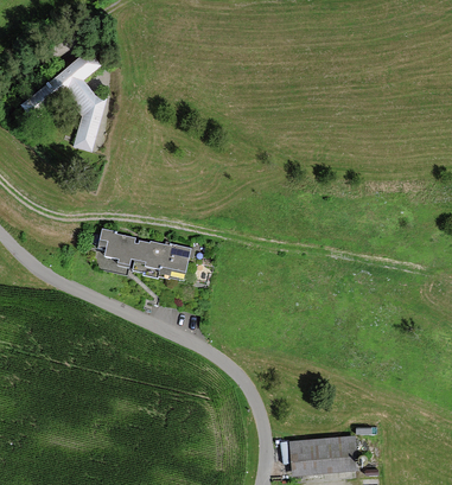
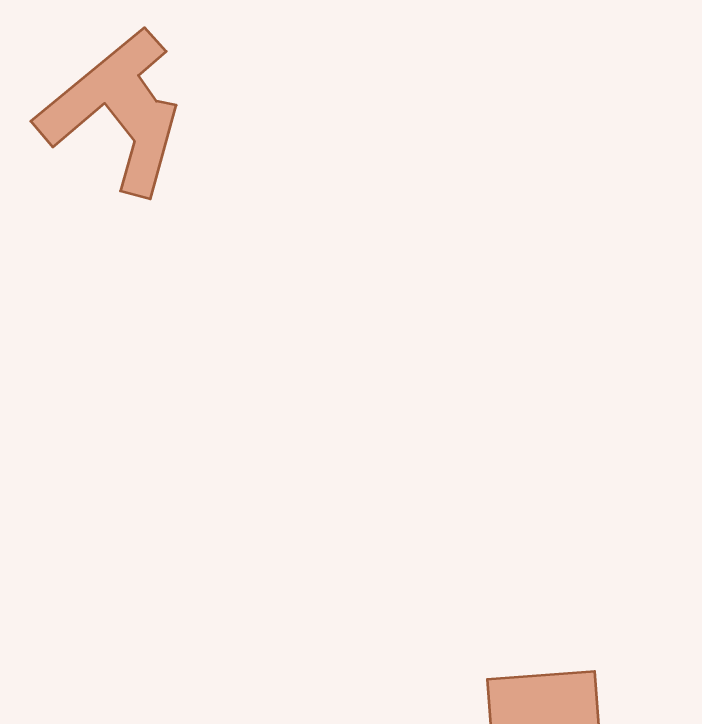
building: [89,228,192,279] -> none

